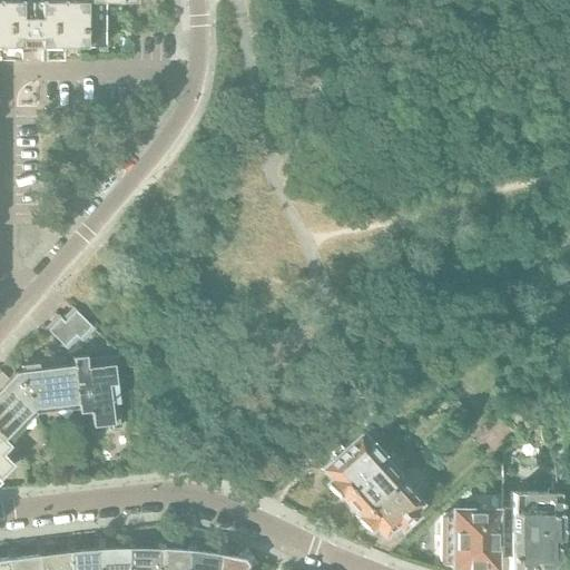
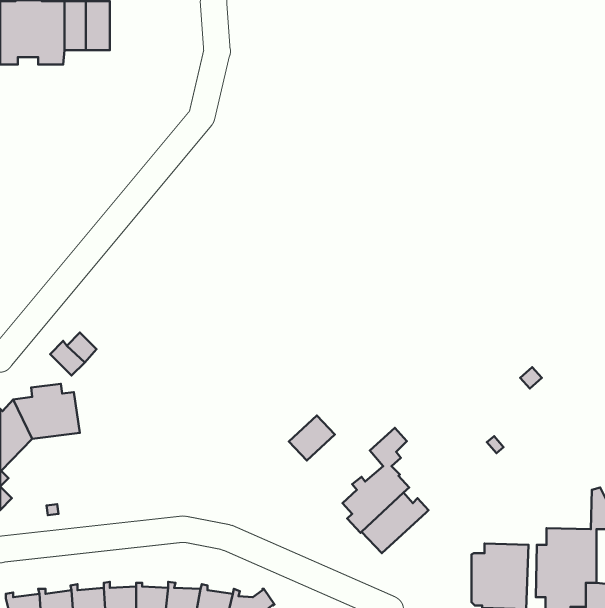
building: [73,357,119,429] -> none
building: none -> [289,415,335,461]
building: [358,480,424,539] -> none

